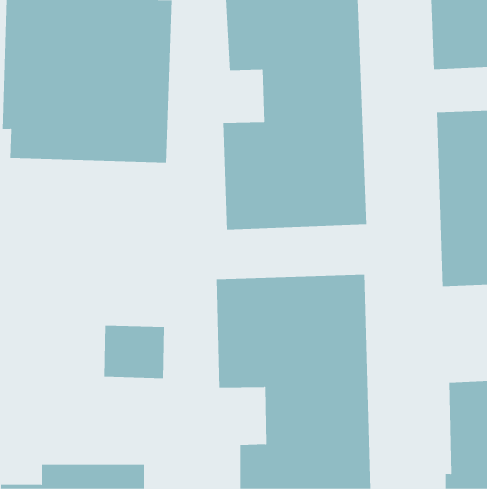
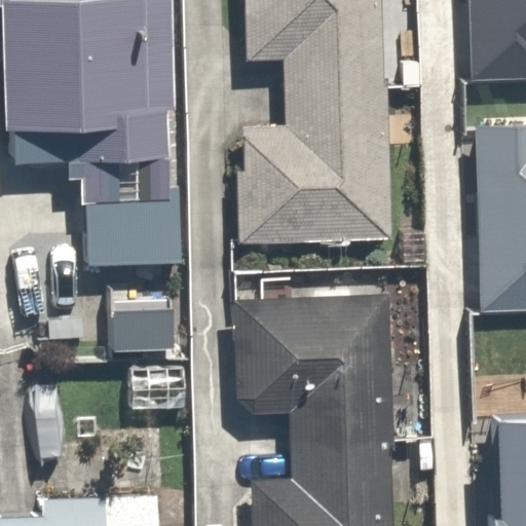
building: none -> [77,177,170,247]

